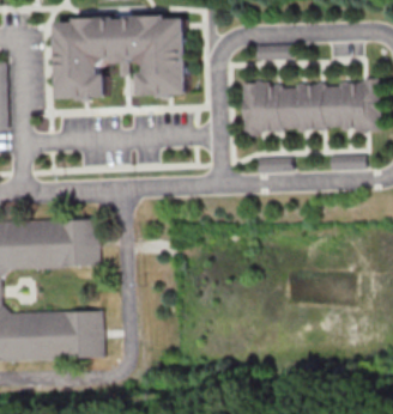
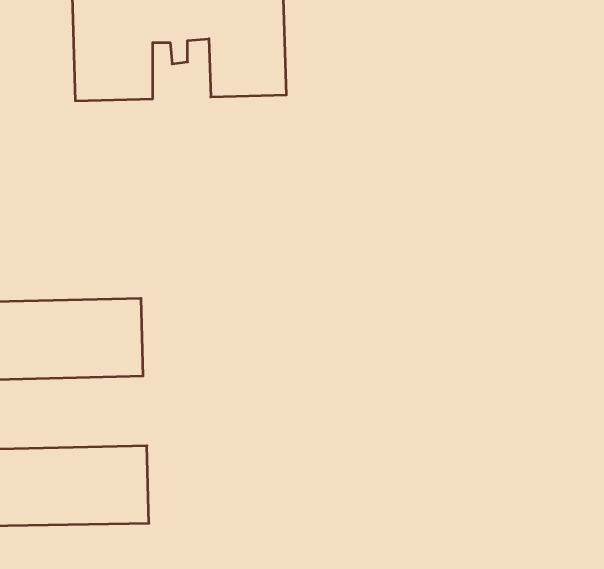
building: [241,80,379,133] -> none

